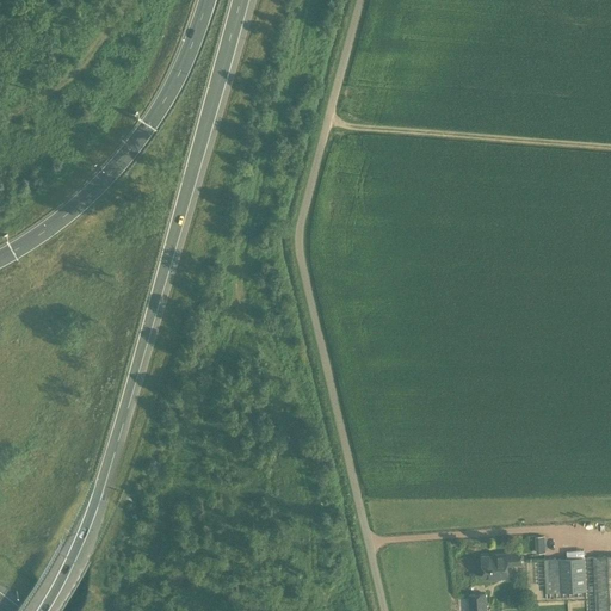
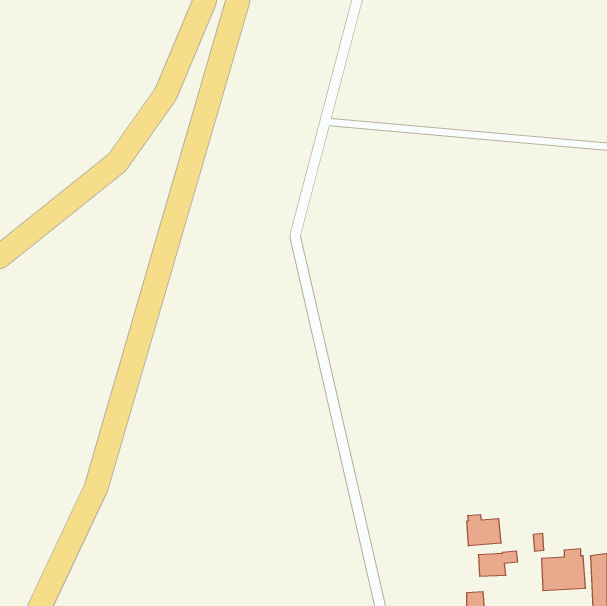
building: none -> [467,515,501,546]

